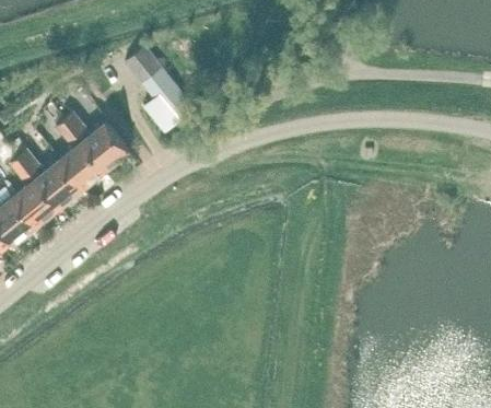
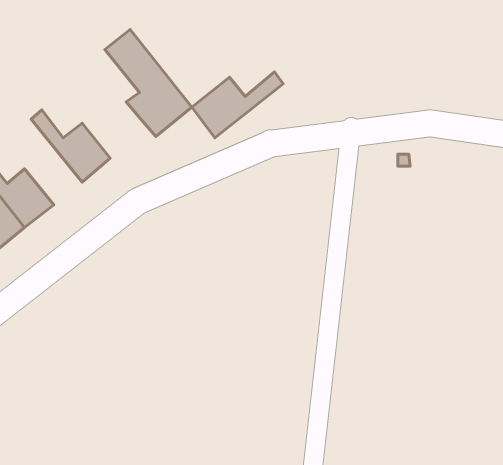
building: none -> [192,72,283,138]
building: [55,118,105,188] -> none

